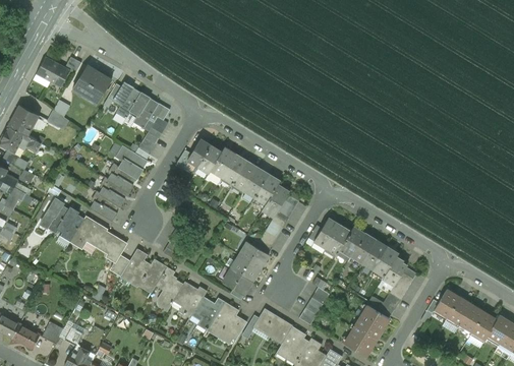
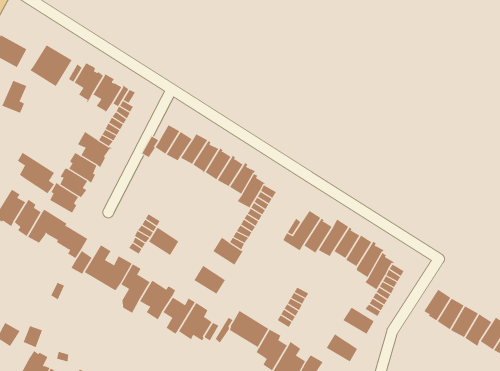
building: none -> [17,152,55,194]
building: [232,255,261,282] -> [148,227,179,256]
building: [352,318,382,345] -> none

